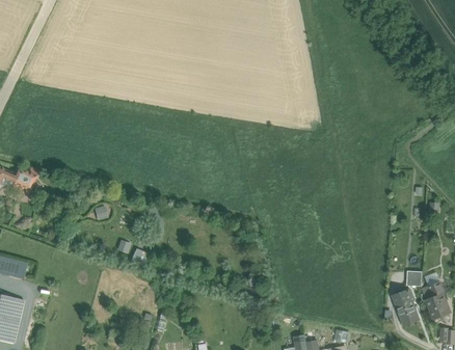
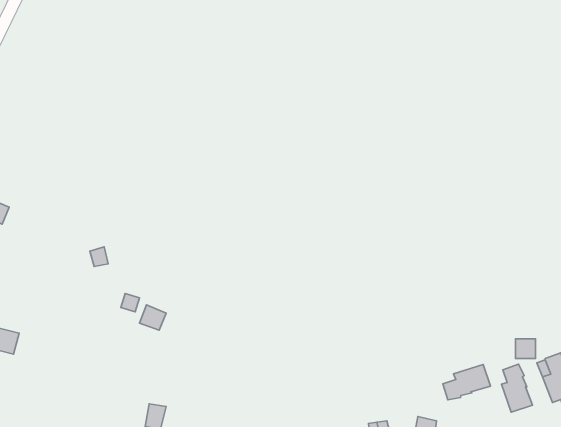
building: none -> [443,365,490,400]

